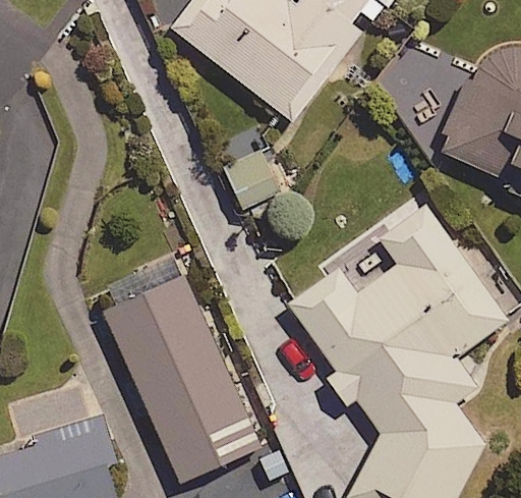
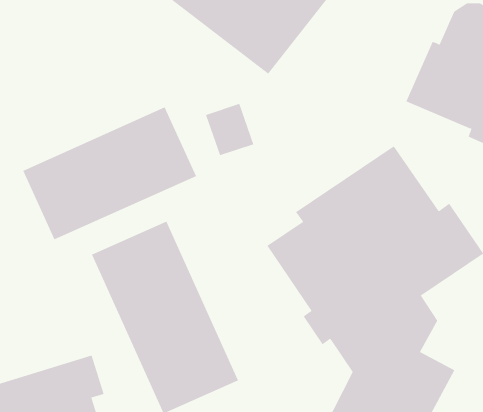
building: none -> [22,106,197,240]

